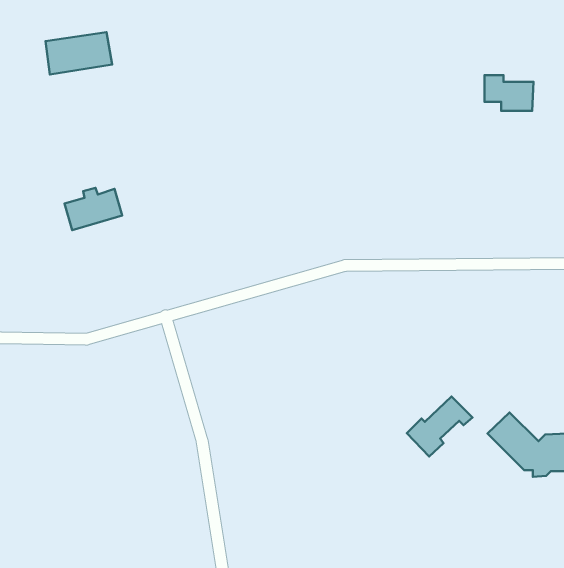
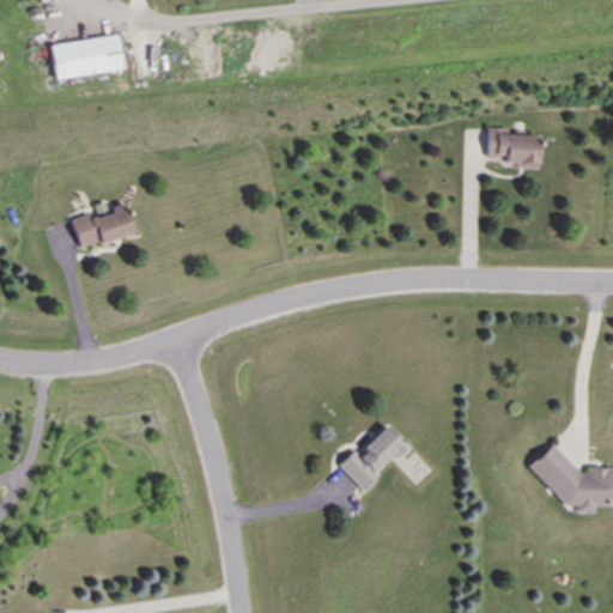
building: [485,75,533,111] -> [488,128,541,166]
building: [407,396,472,456] -> [340,426,411,491]

